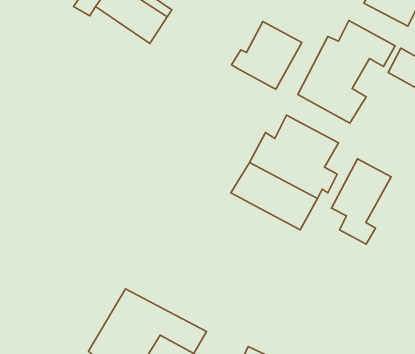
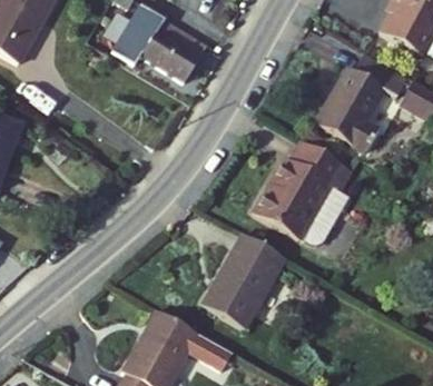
building: [232,22,302,89] -> none
building: [331,159,391,244] -> none
building: none -> [205,235,287,331]

